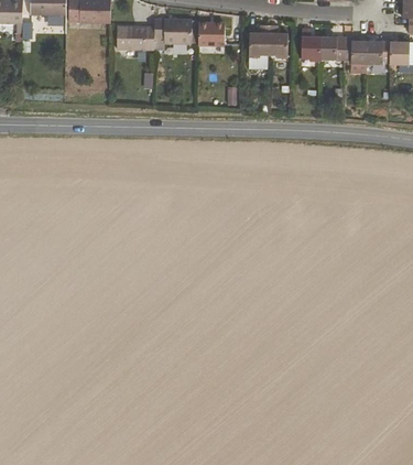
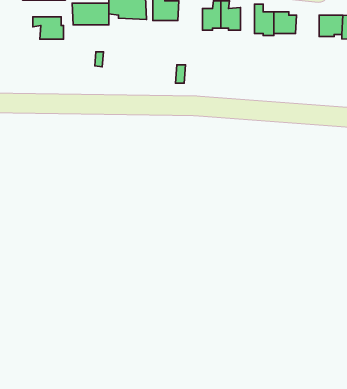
building: [344,40,368,62] -> none
building: none -> [33,17,64,39]

